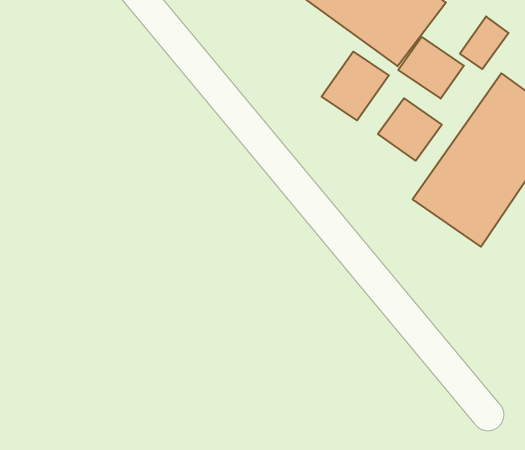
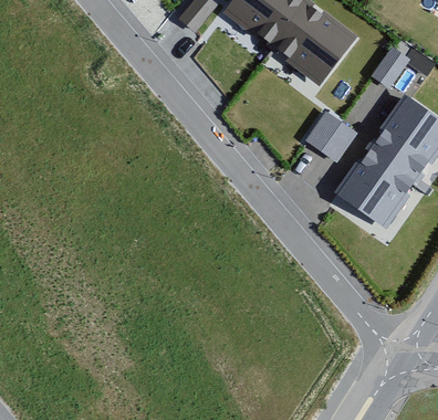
building: [398,37,464,99] -> none
building: [322,52,389,120] -> none

